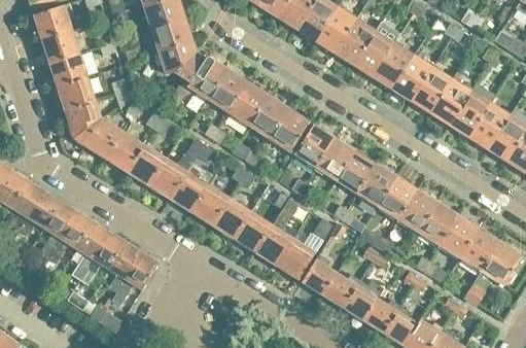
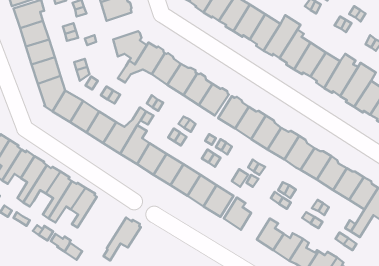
building: [152,19,192,53] -> none
building: [111,252,159,307] -> [104,217,141,260]
building: [323,273,360,307] -> none

